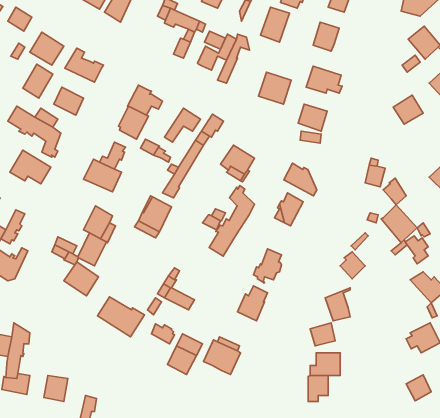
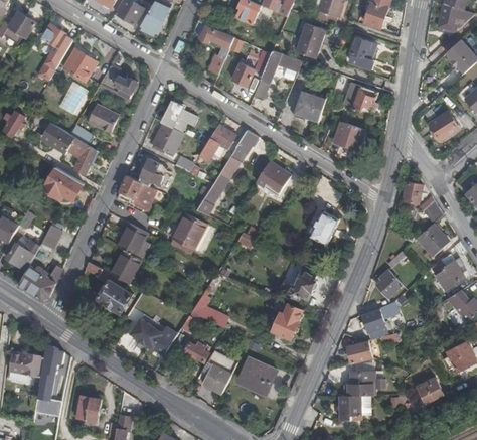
building: [284,163,317,196] -> none
building: [209,185,254,256] -> none
building: [406,375,431,401] -> [417,377,442,403]

